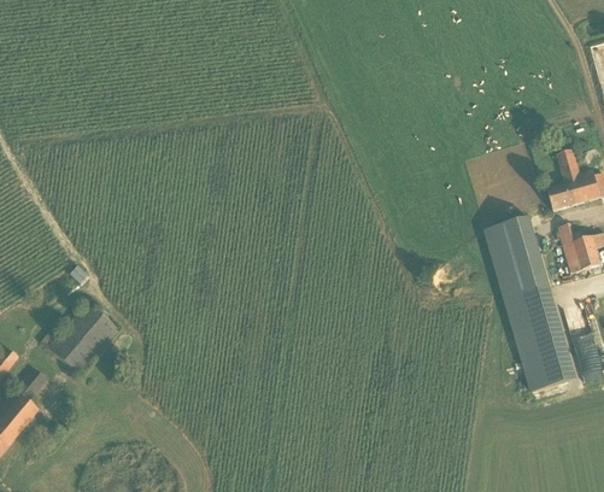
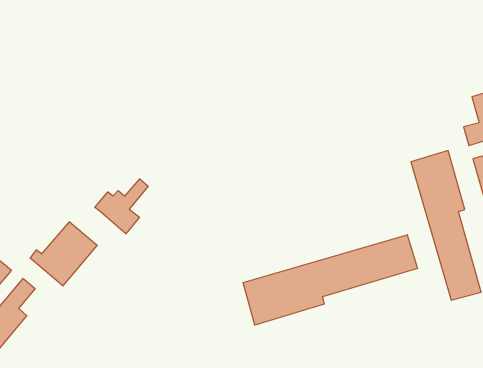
building: none -> [95,179,148,234]
building: none -> [243,235,418,325]

